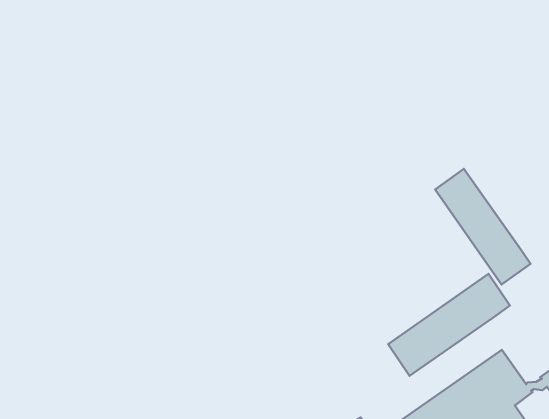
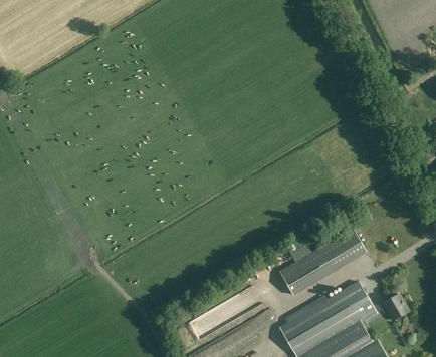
building: [435,169,530,285] -> none

